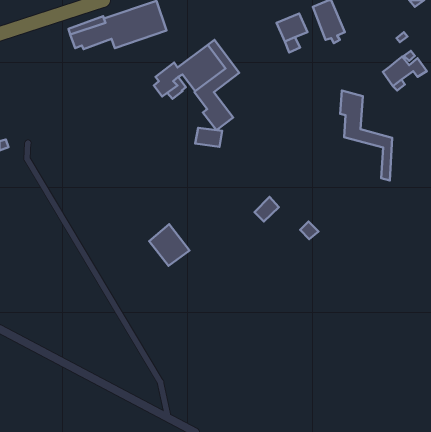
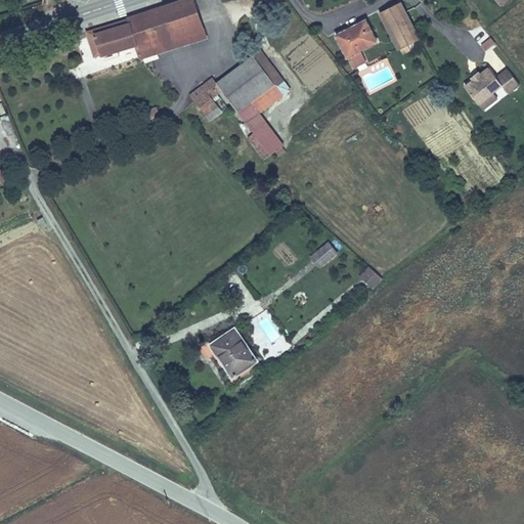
building: [340,91,392,180] -> none
building: [195,128,222,147] -> none
building: [149,224,190,266] -> [208,324,257,375]

